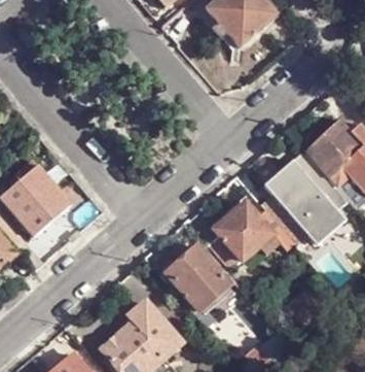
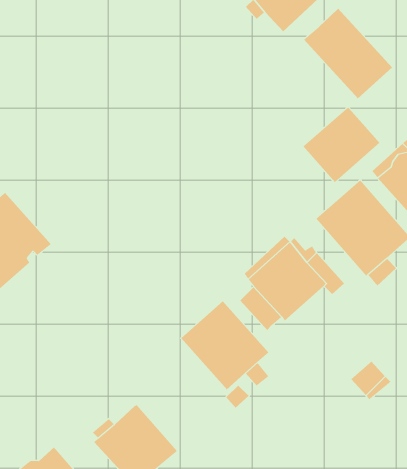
building: none -> [303,8,393,99]
building: none -> [303,106,380,183]
building: [127,302,181,356] -> none

